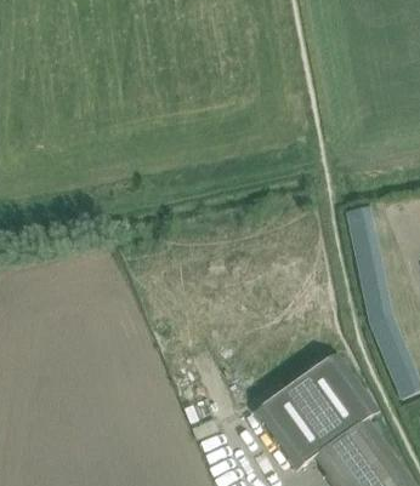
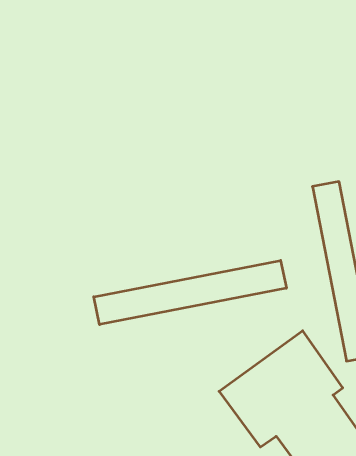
building: none -> [94,260,286,325]

